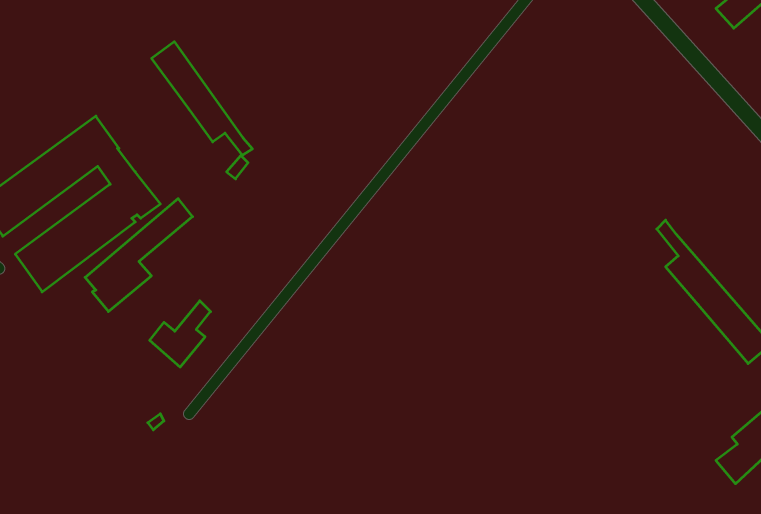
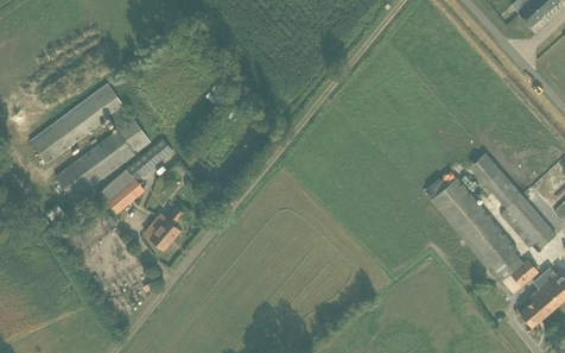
building: [152,42,252,155] -> none
building: none -> [430,177,539,286]

